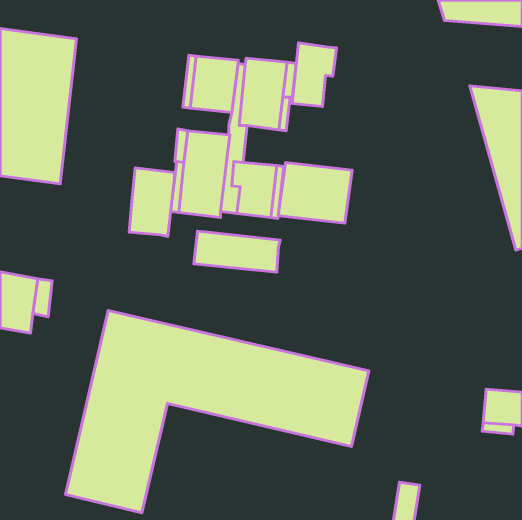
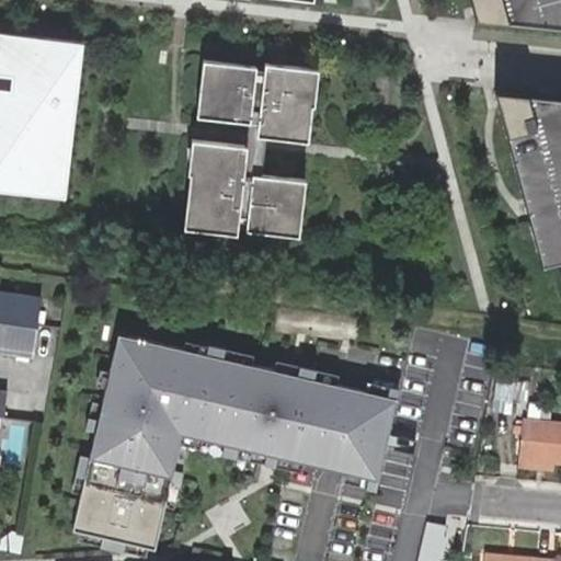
building: [292,43,337,106] -> none
building: [278,162,352,223] -> none
building: [129,168,175,236] -> none
building: [194,231,280,272] -> none

